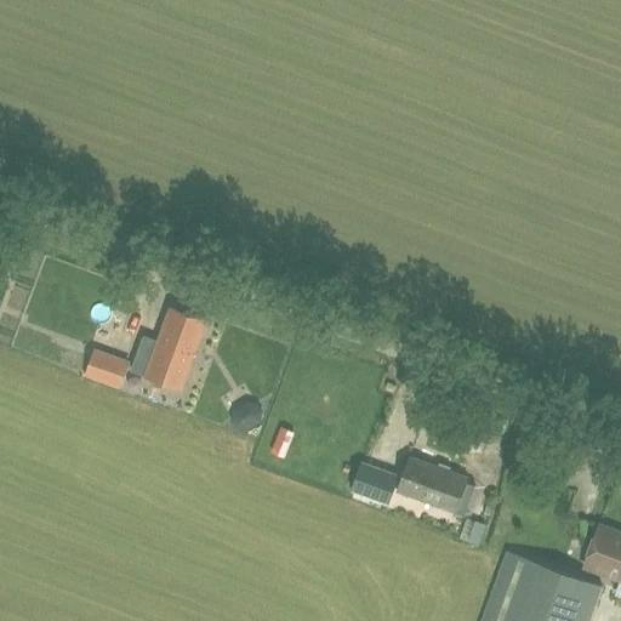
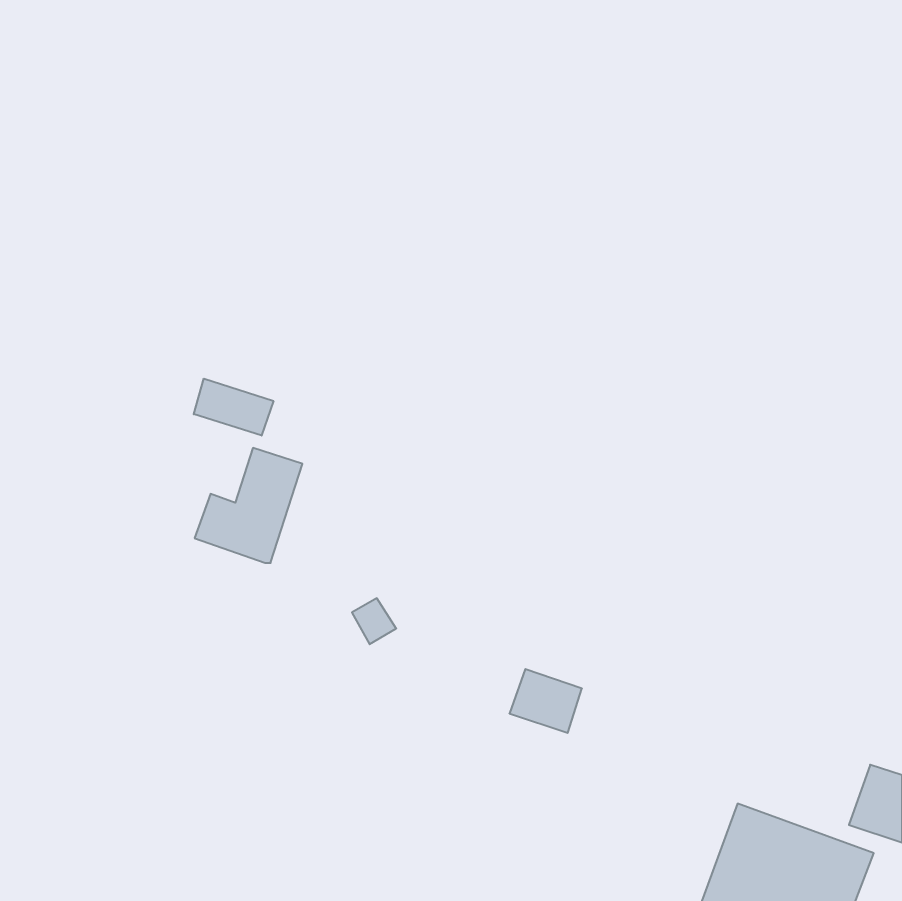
building: none -> [194,379,273,436]
building: [85,351,130,391] -> none
building: [397,457,467,513] -> none

